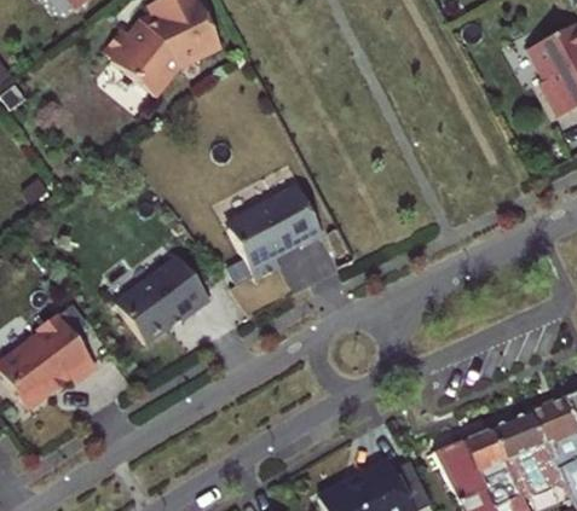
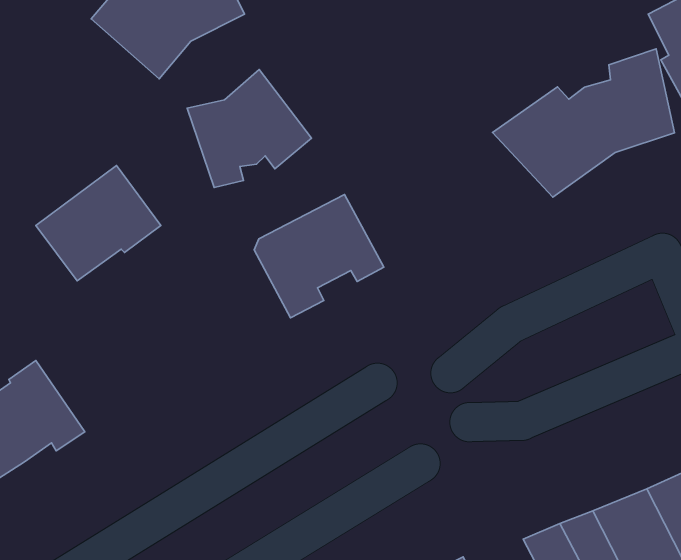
building: none -> [493,49,675,197]
building: none -> [187,70,312,187]
building: [115,255,210,343] -> [36,165,161,281]

